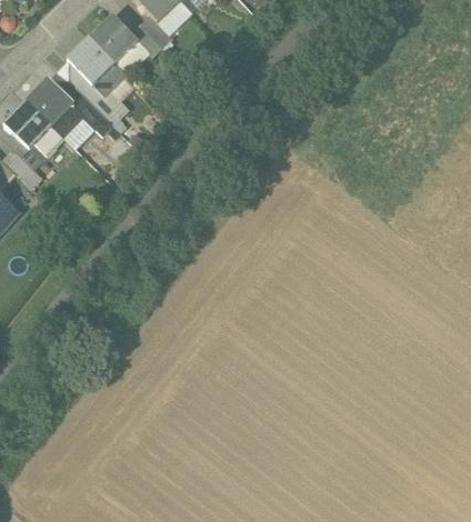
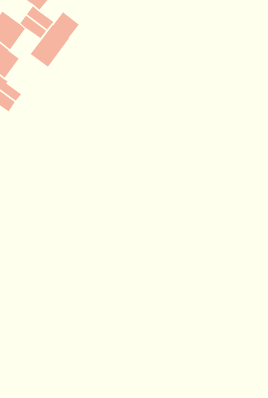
building: none -> [29,11,80,68]

